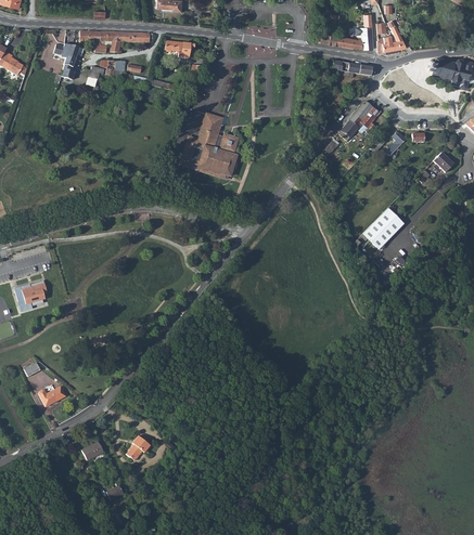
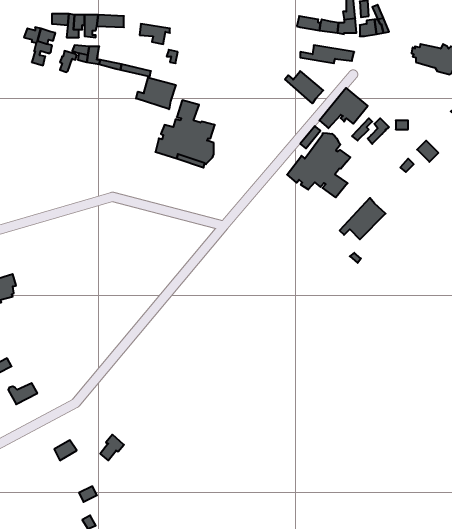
building: none -> [285,71,323,103]
building: none -> [136,78,176,109]
building: none -> [287,133,350,197]

